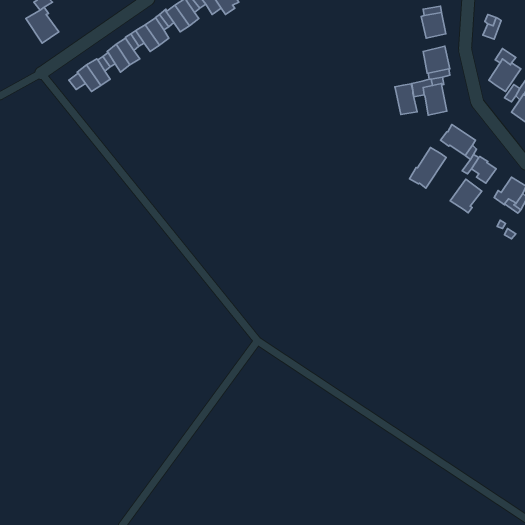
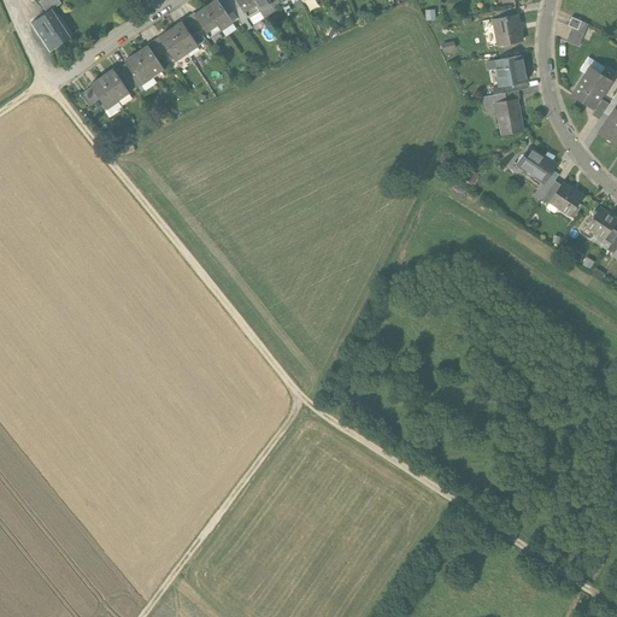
building: [395,84,417,115] -> none
building: [409,148,446,188] -> none
building: [450,179,482,213] -> none

